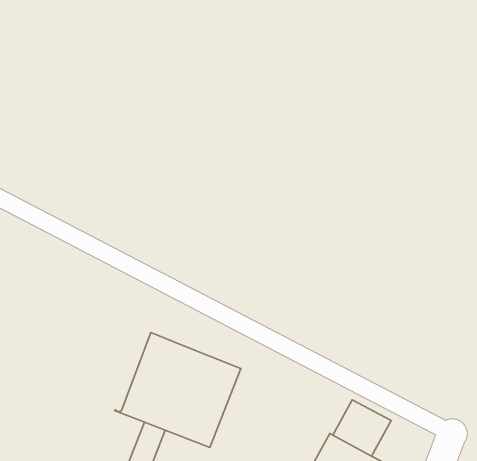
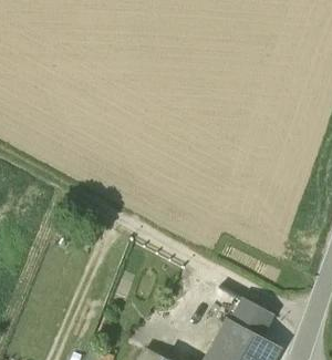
building: [115,333,241,448] -> none

